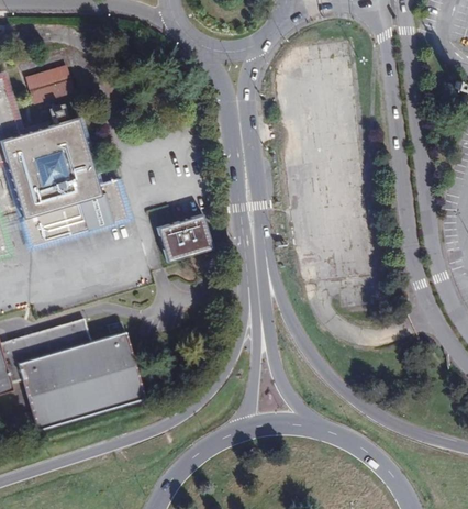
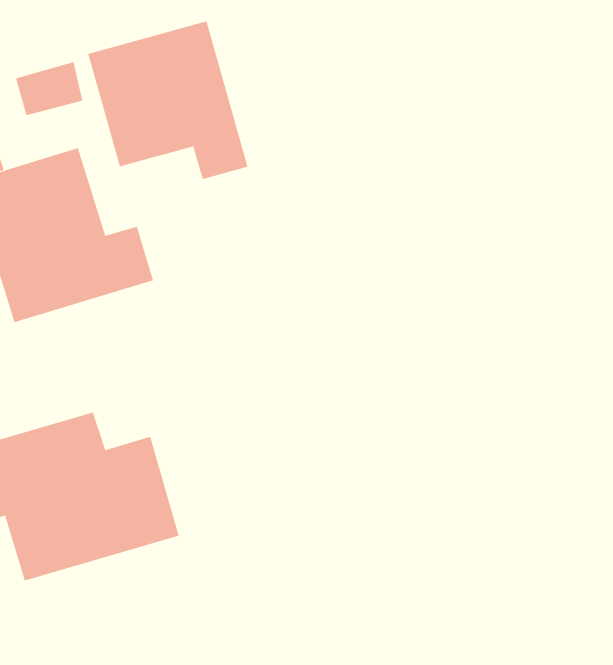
building: none -> [88,21,248,180]
building: [156,217,211,263] -> none

